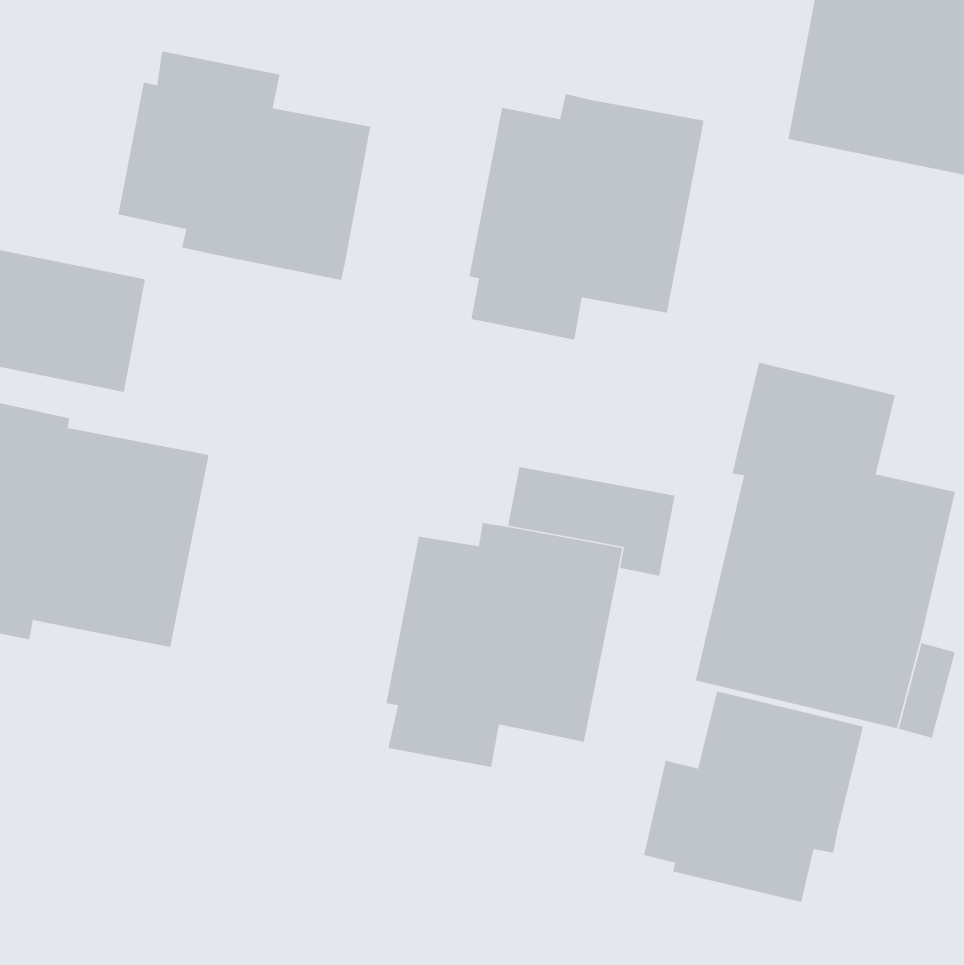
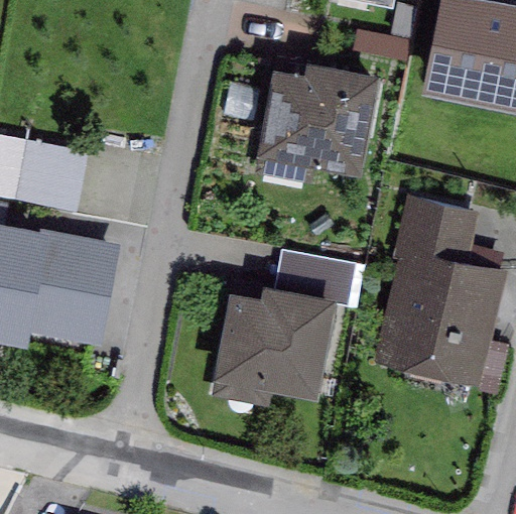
building: [117,50,371,281] -> none
building: [643,691,864,903] -> none

